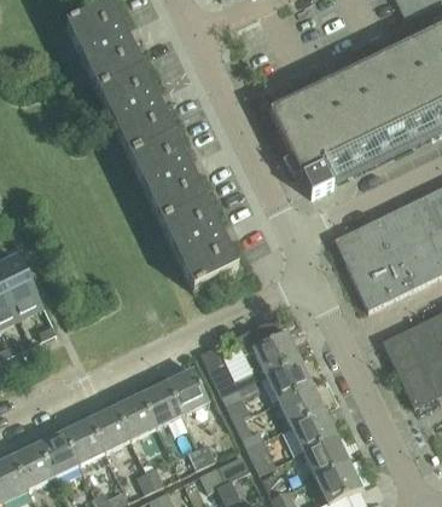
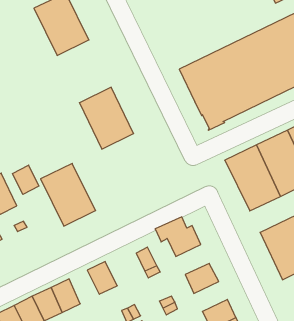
building: [99,68,175,156] -> none
building: [162,200,239,288] -> [41,163,96,226]
building: none -> [12,165,39,194]
building: [266,356,313,398] -> none
building: [167,367,210,414] -> none
building: [116,392,158,439] -> none
building: [291,408,338,450] -> none

